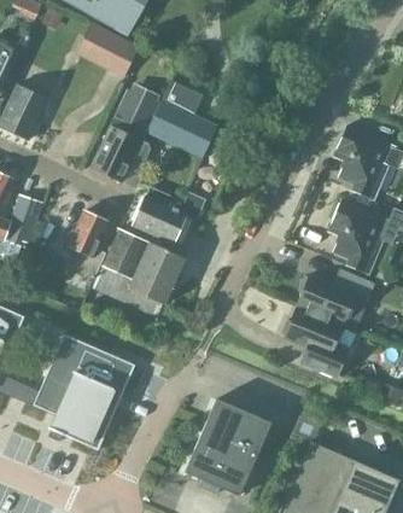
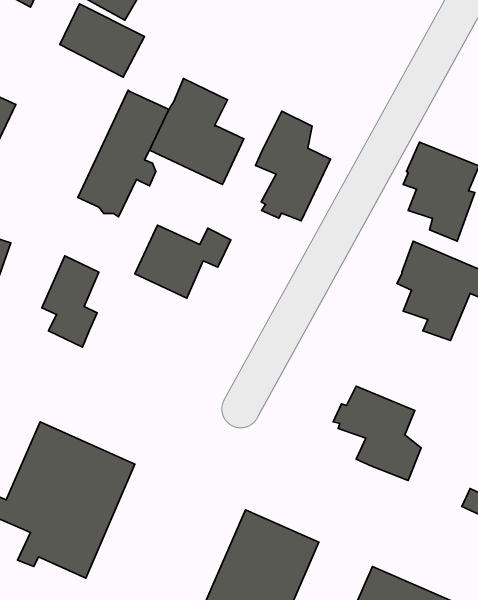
building: none -> [255,111,331,221]
building: [100,228,186,307] -> none
building: [298,272,373,330] -> none

